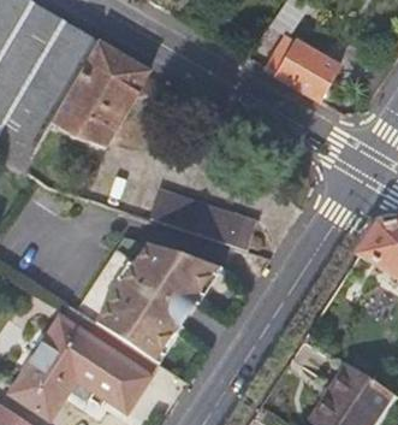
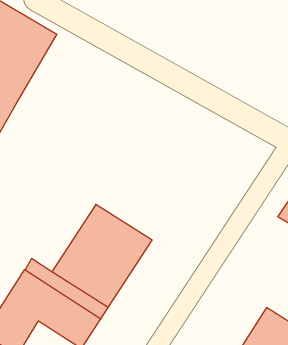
building: [266,36,340,101] -> none
building: [49,41,147,153] -> none
building: [150,189,254,250] -> none

